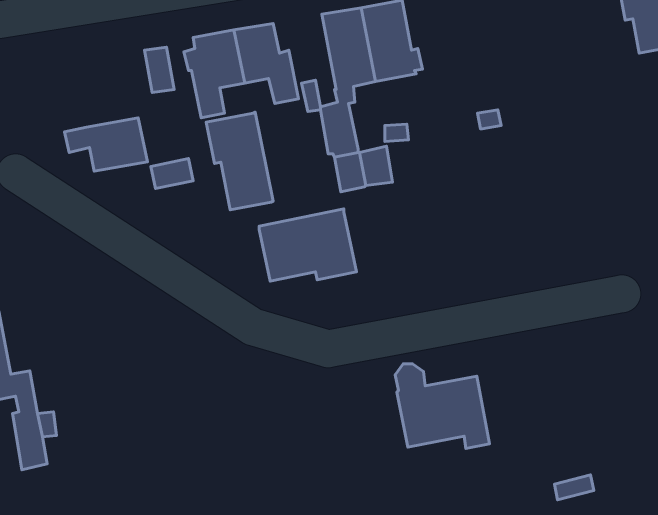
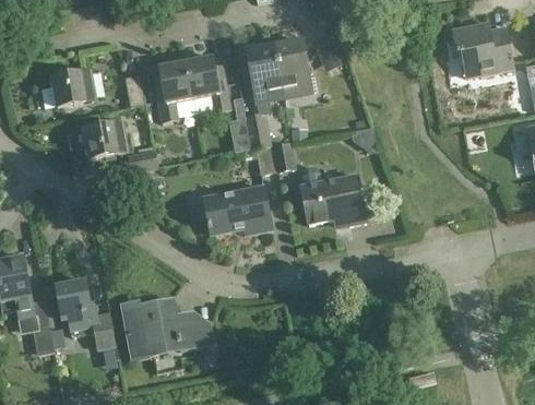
building: none -> [43,69,95,105]
building: [206,112,273,210] -> none
building: none -> [55,279,115,349]
building: [395,364,489,449] -> [300,165,366,224]
building: none -> [121,297,213,359]

